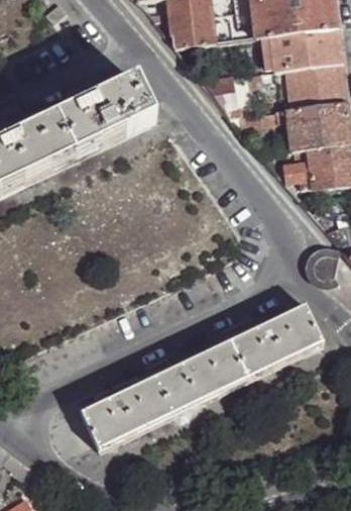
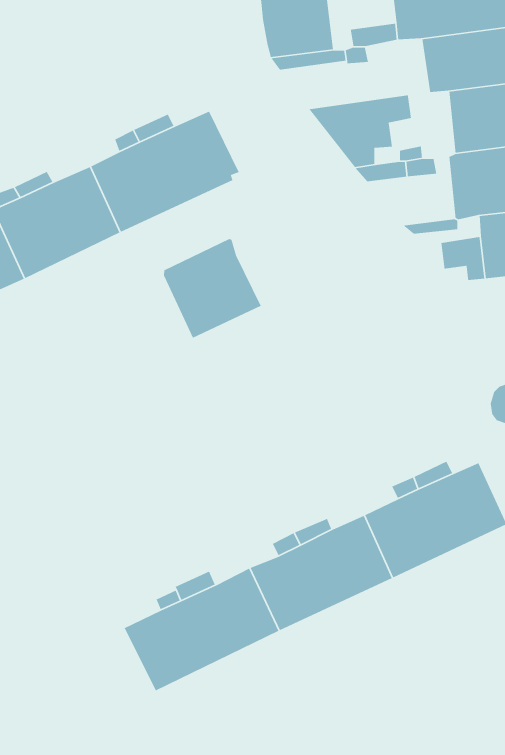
building: none -> [163,238,262,339]

